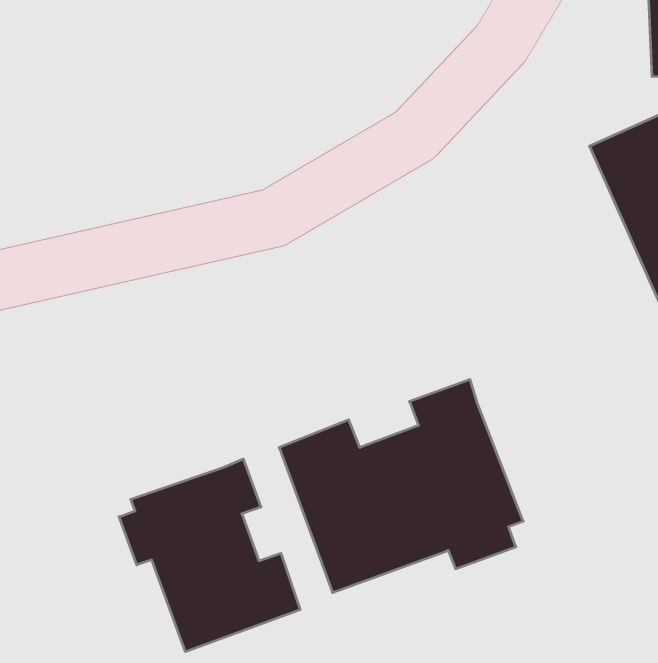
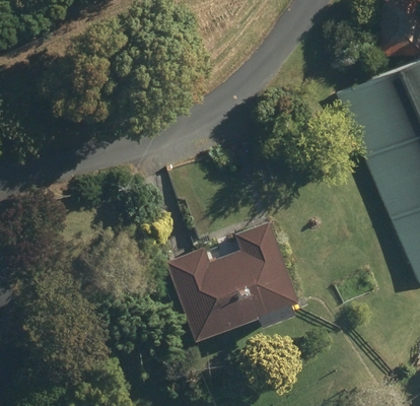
building: [119,459,300,652] -> none

